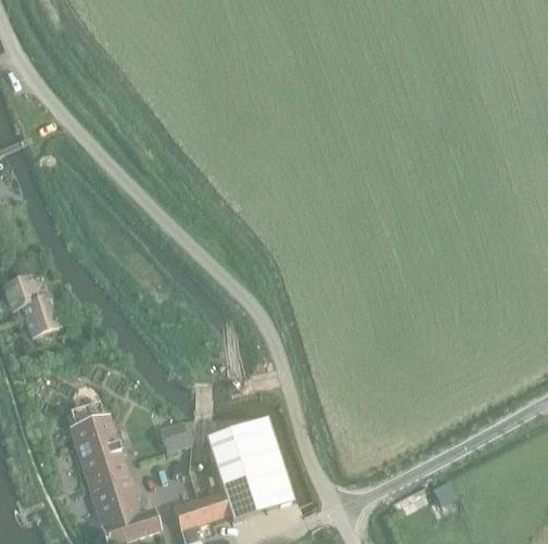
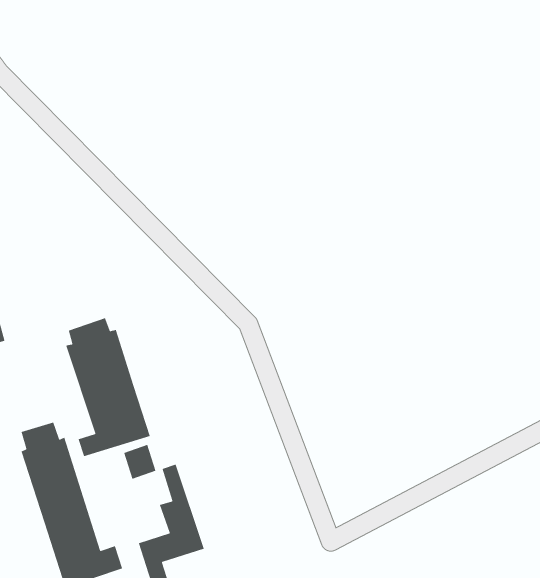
building: none -> [65,317,151,457]
building: [206,417,294,519] -> none

